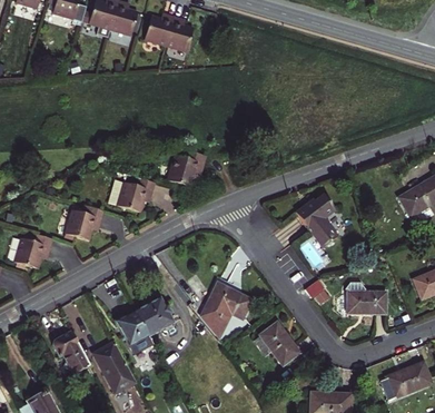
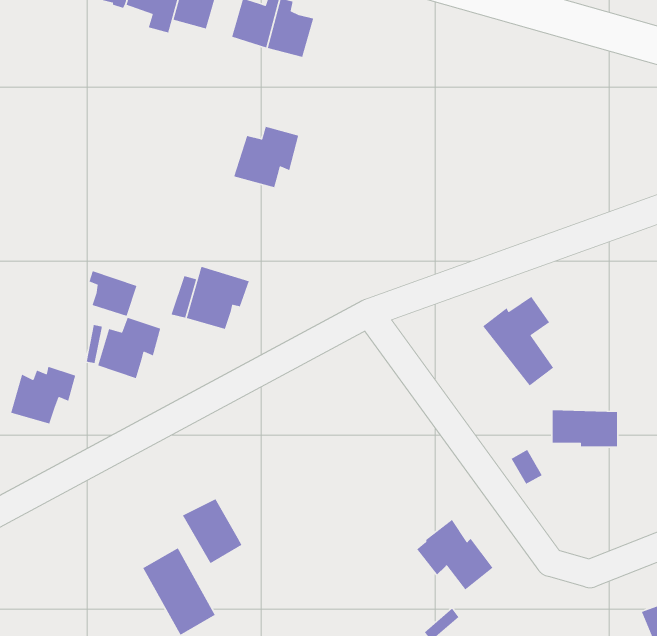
building: [167,149,206,186] -> [233,126,299,188]
building: none -> [89,270,138,317]
building: [200,283,249,337] -> none
building: [346,291,385,313] -> [552,409,618,447]
building: [136,297,172,334] -> none
building: [52,331,90,374] -> none

